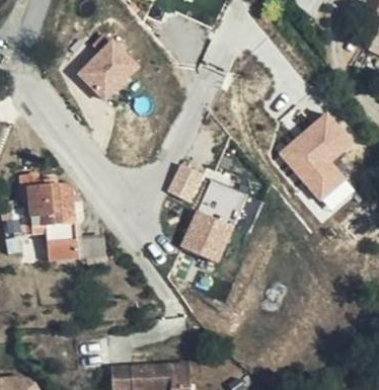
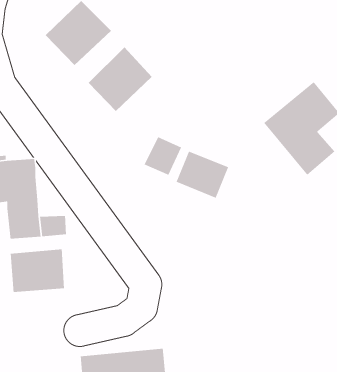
building: none -> [88,47,152,112]
building: [182,211,234,261] -> none
building: none -> [10,248,65,293]

